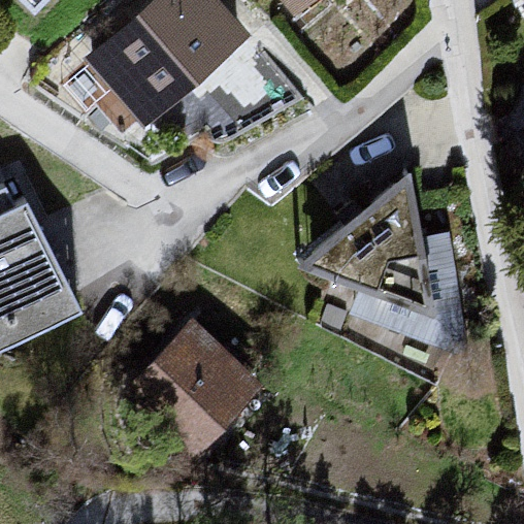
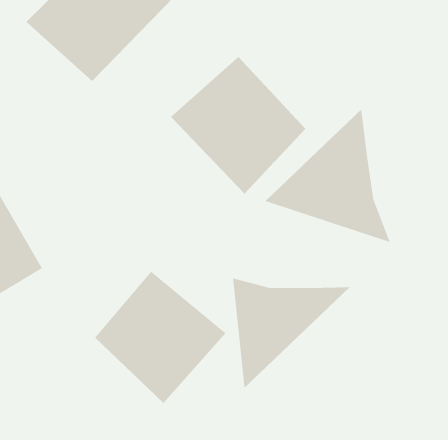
building: none -> [170,56,306,194]
building: none -> [233,278,351,389]

